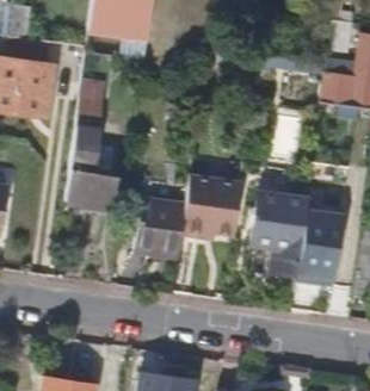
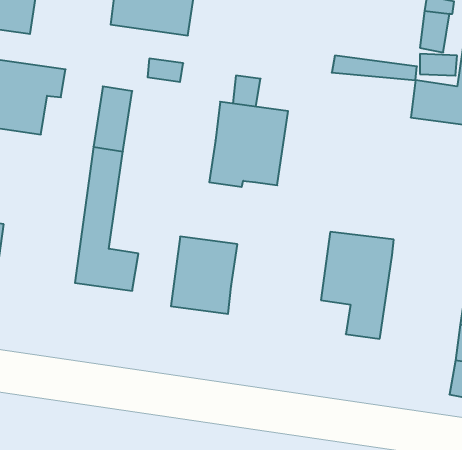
building: [183,170,243,236] -> [209,102,288,187]
building: [296,209,344,283] -> none

